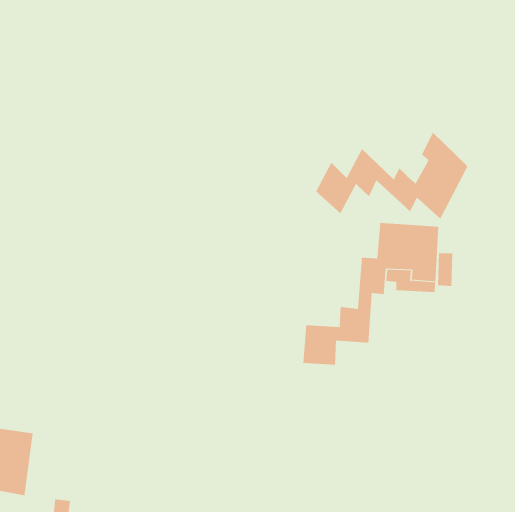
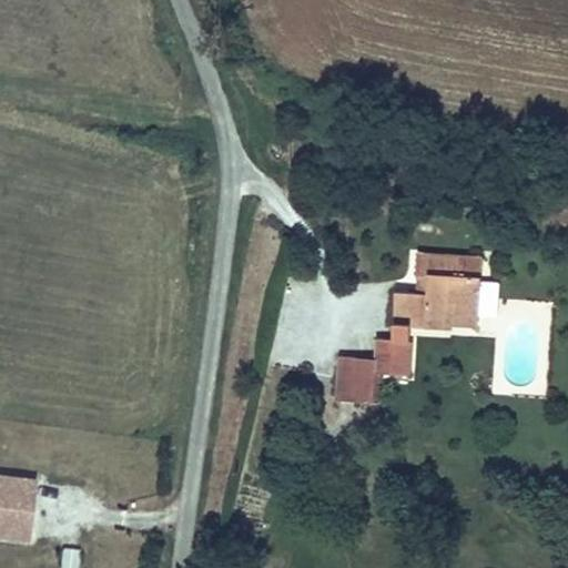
building: [315,132,468,219] -> none

